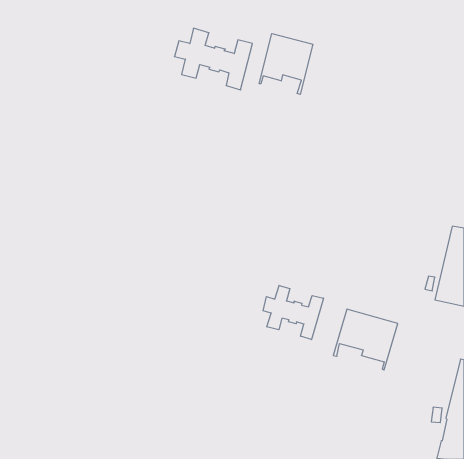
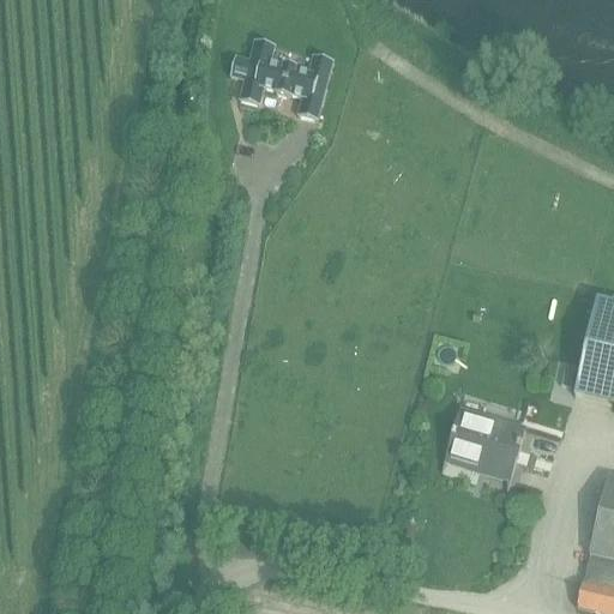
building: [259,34,313,94] -> none
building: [263,285,323,340] -> none

